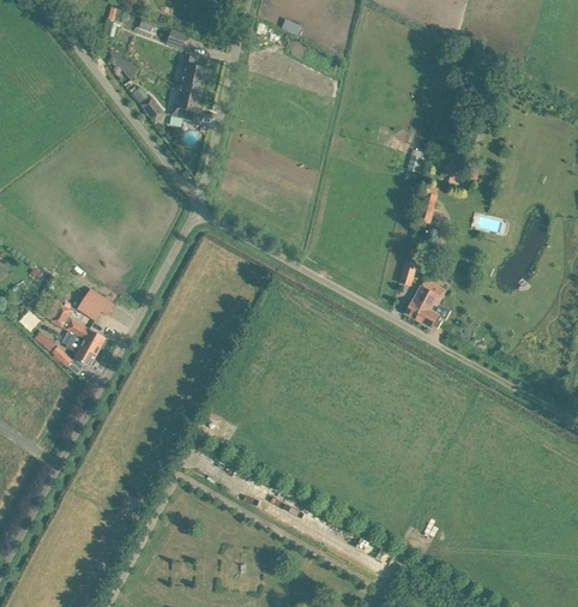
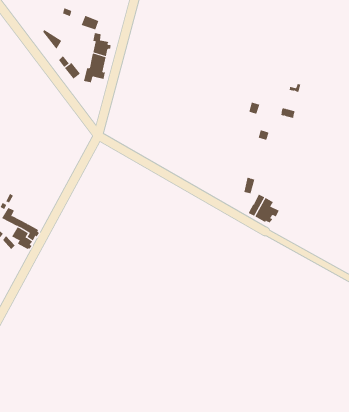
building: [77,288,113,320] -> none

